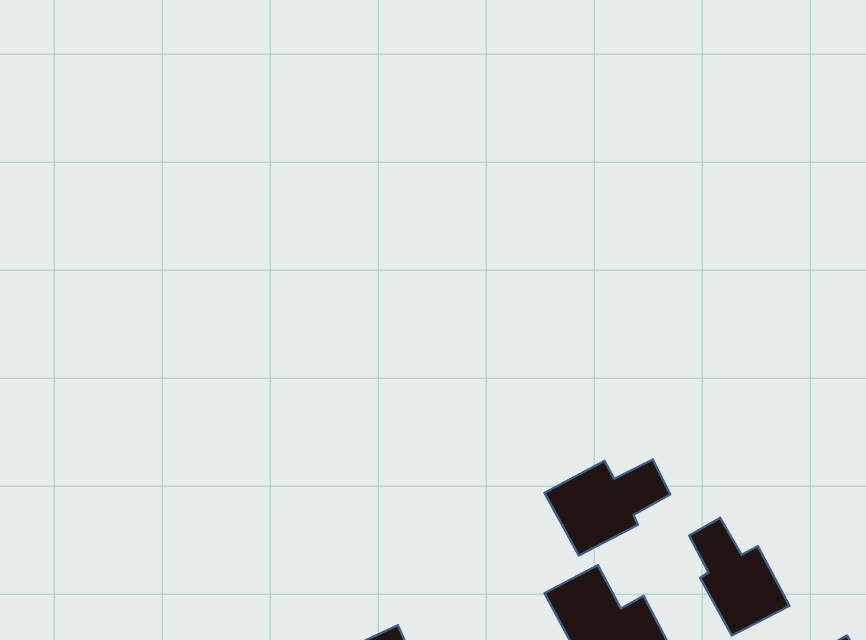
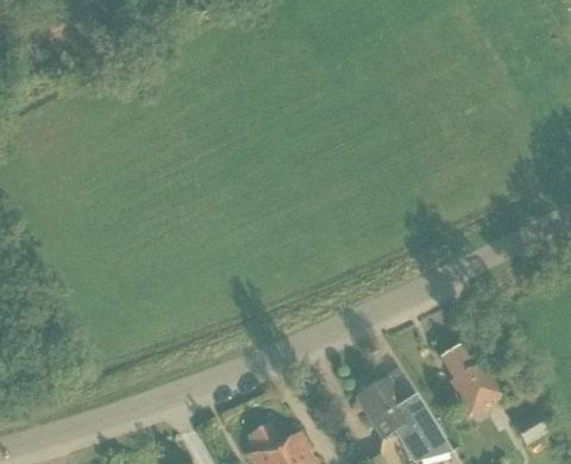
building: [544,460,670,555] -> none

